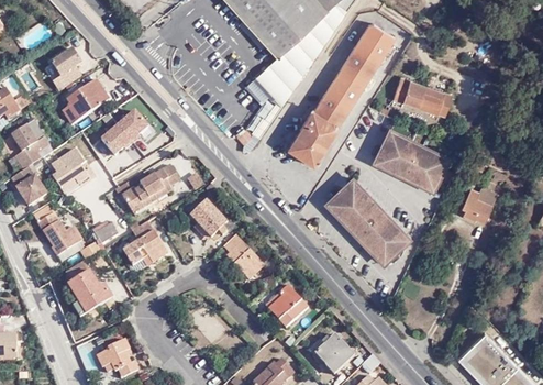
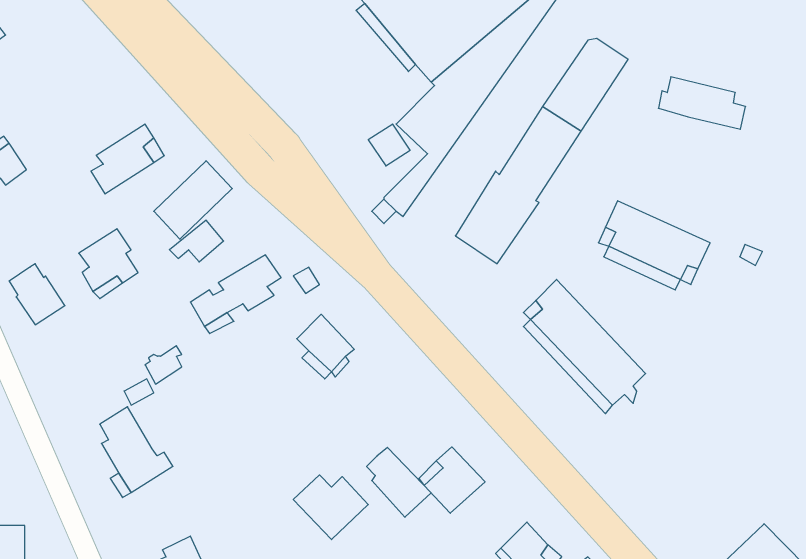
building: [49,48,80,91] -> none
building: [395,79,450,112] -> [658,77,746,129]
building: [11,123,48,172] -> none
building: [462,186,496,221] -> none
building: [30,205,78,255] -> none
building: [124,221,170,265] -> none
building: [223,234,264,278] -> [367,447,431,517]

